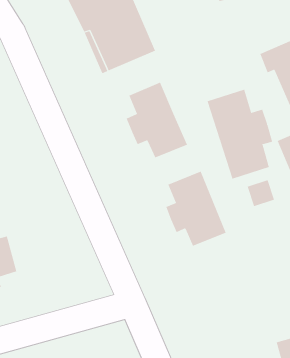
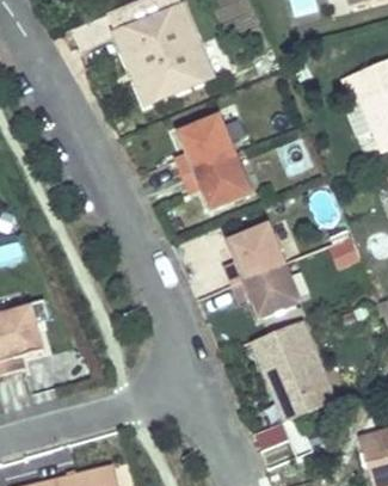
building: [207,89,273,180] -> none
building: none -> [254,318,338,418]

